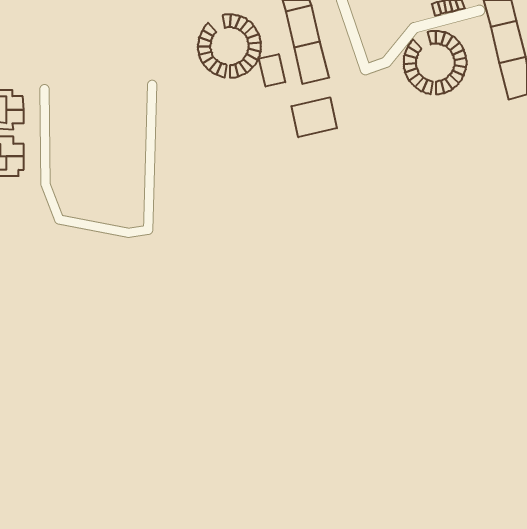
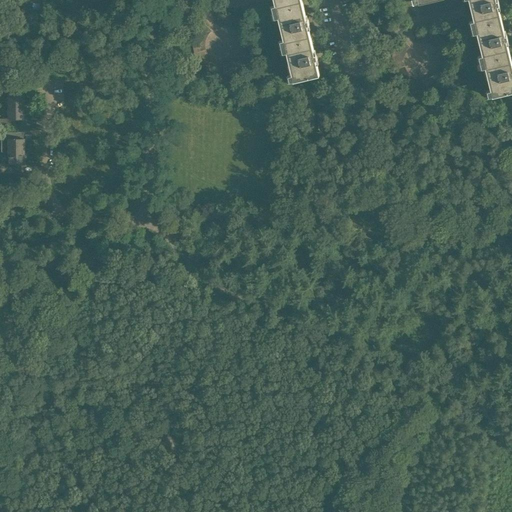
building: [259,54,285,87] -> none
building: [291,97,337,137] -> none

